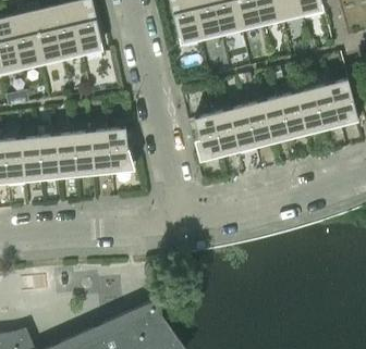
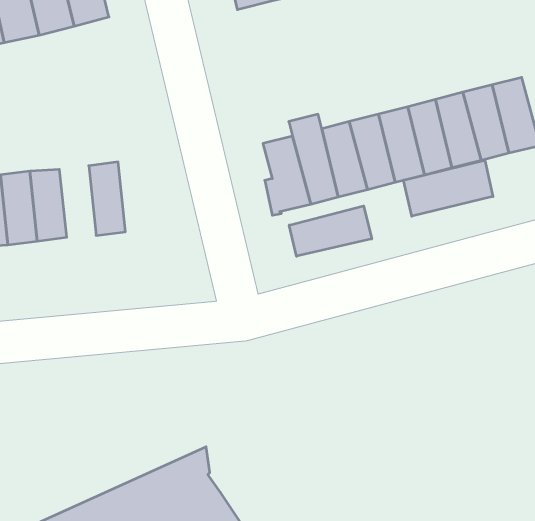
building: [108,130,135,173] -> none
building: none -> [404,160,493,216]
building: [73,134,95,176] -> none
building: none -> [289,206,372,256]

